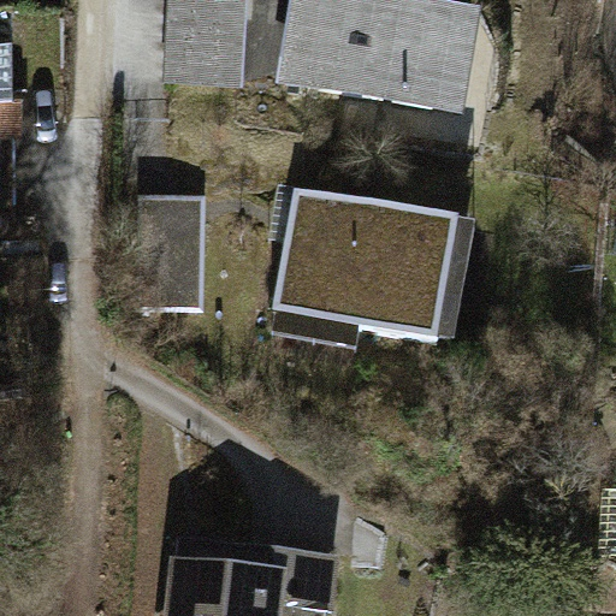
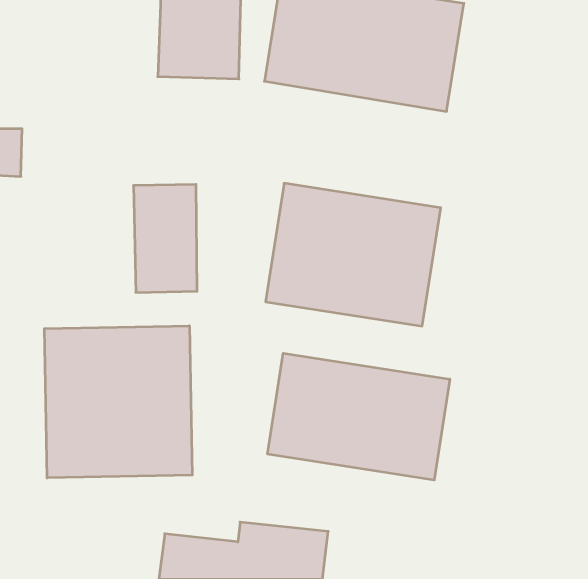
building: none -> [44,326,192,478]
building: none -> [268,353,450,480]

